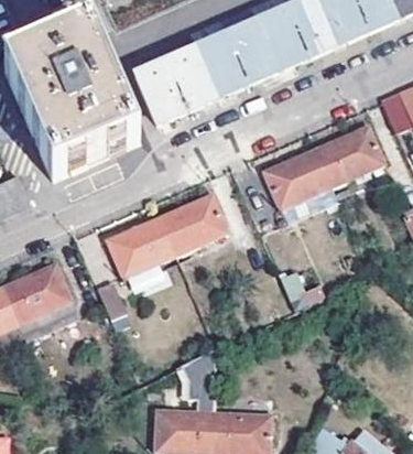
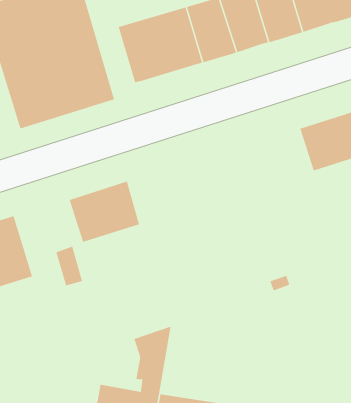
building: [262,148,332,209] -> none
building: [159,193,227,256] -> none

